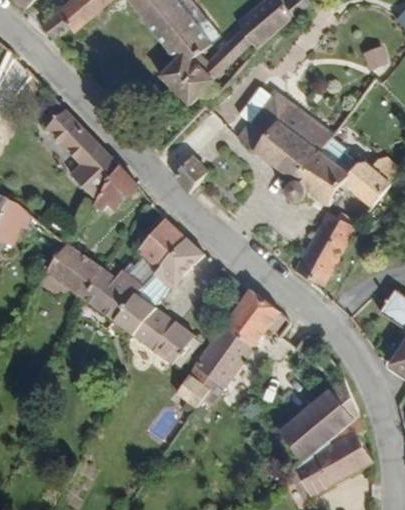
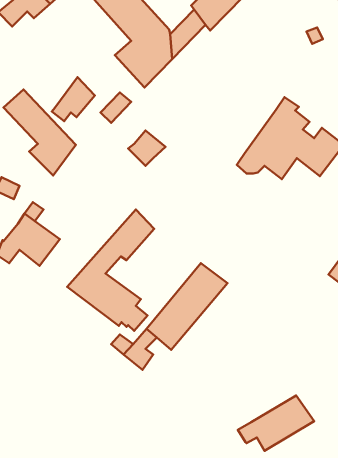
building: [235,81,329,177] -> none
building: [92,168,137,214] -> [52,77,95,121]
building: [297,209,359,286] -> none
building: [81,216,182,317] -> none
building: [280,377,363,459] -> none

